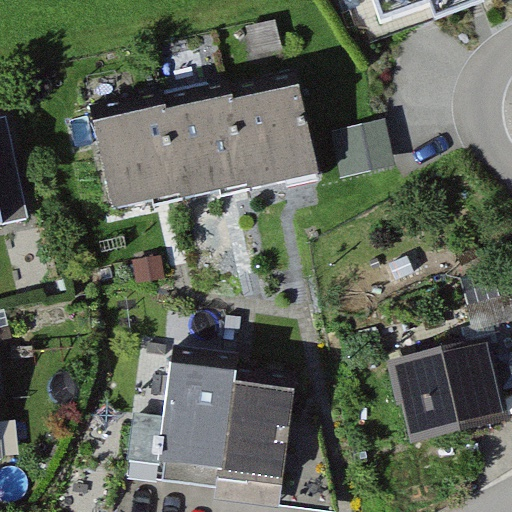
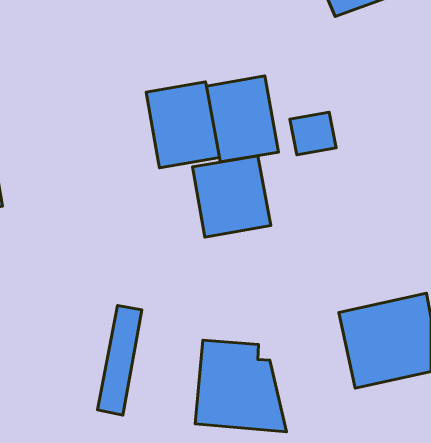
building: [95,102,182,200] -> none
building: none -> [193,156,271,237]
building: [157,369,234,487] -> none

